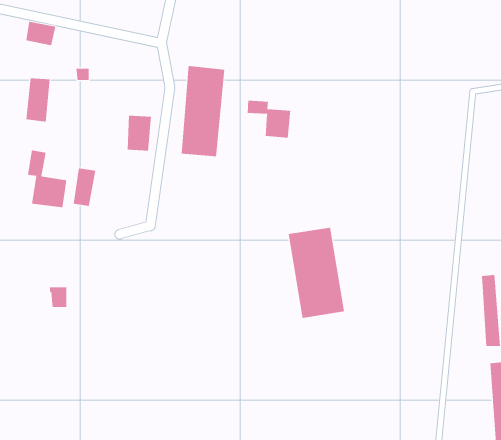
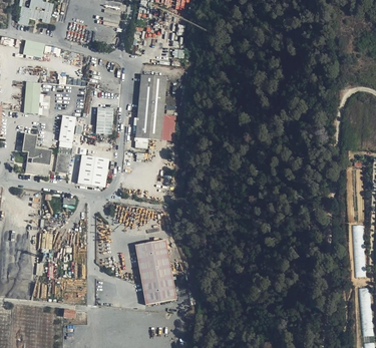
building: [247,100,291,138] -> none
building: none -> [59,115,77,142]
building: none -> [78,155,109,187]
building: [288,227,345,318] -> [135,239,176,305]

